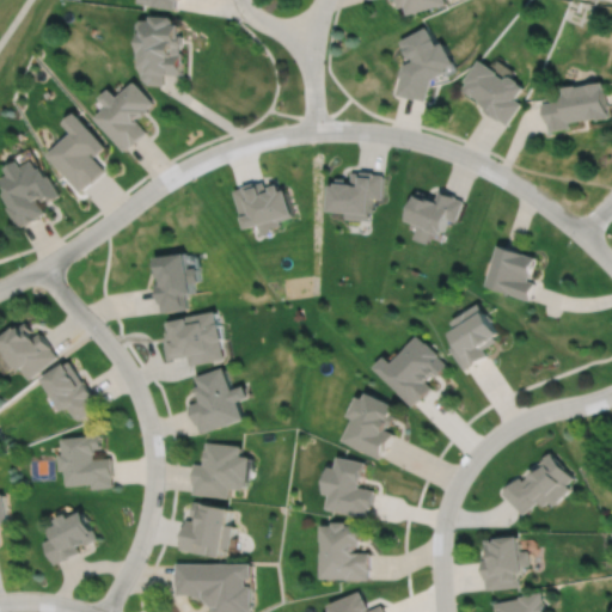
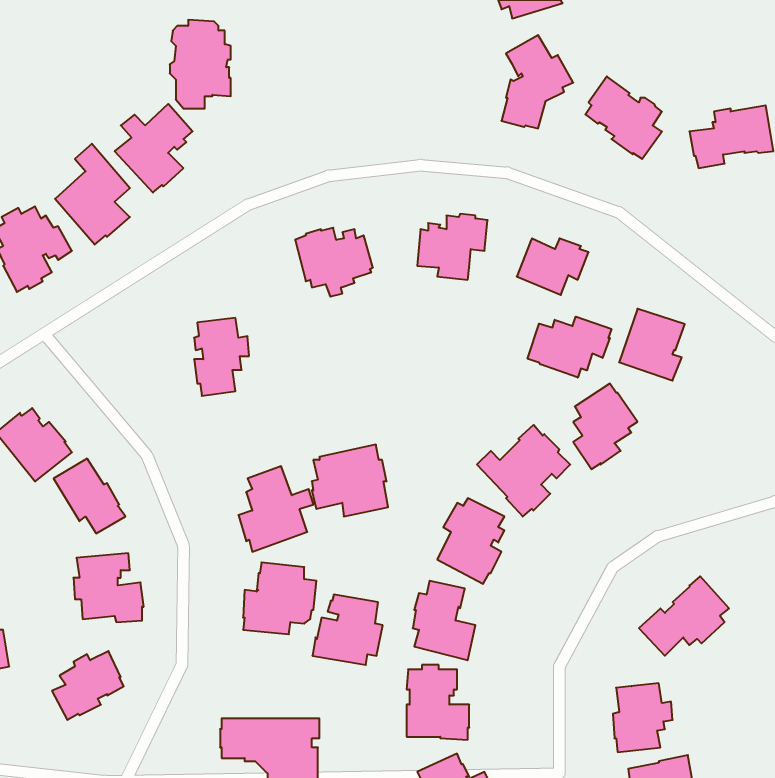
building: none -> [528,317,611,378]
building: [161,310,221,366] -> [312,445,388,516]
building: [177,502,232,557] -> [312,595,383,665]

